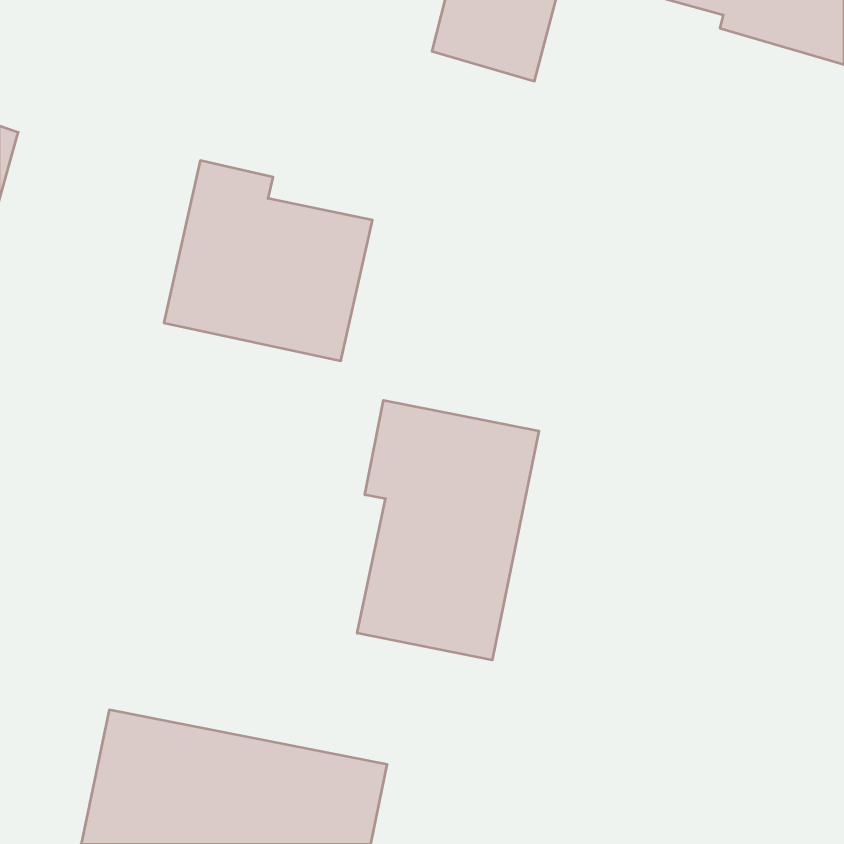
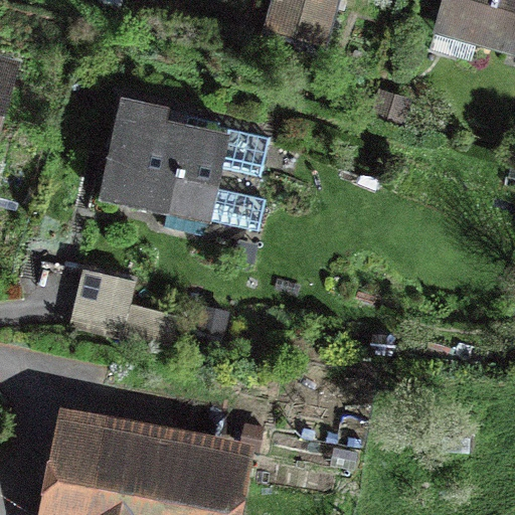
building: [357,400,539,660] -> none
building: none -> [72,271,175,346]

